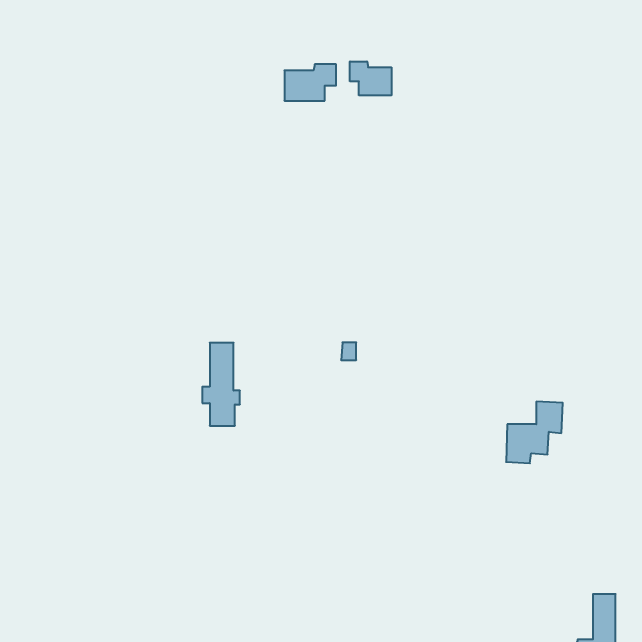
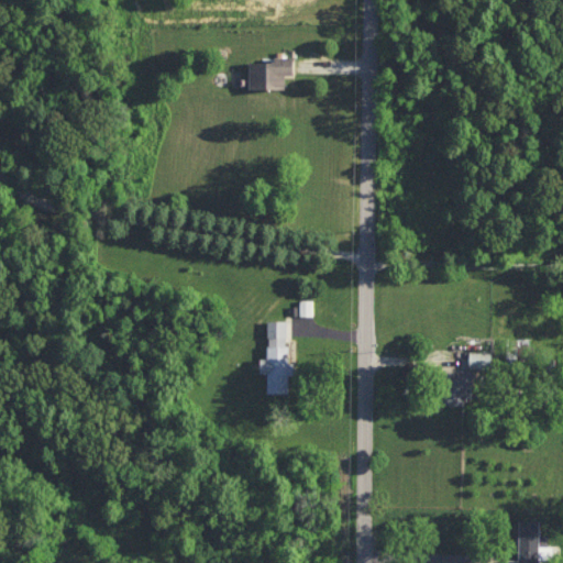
building: [350,61,391,95] -> none
building: [202,343,240,426] -> [260,321,292,394]

